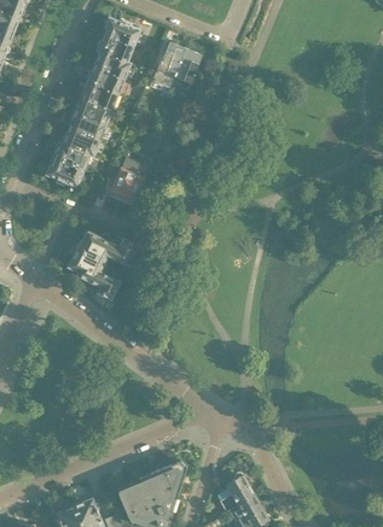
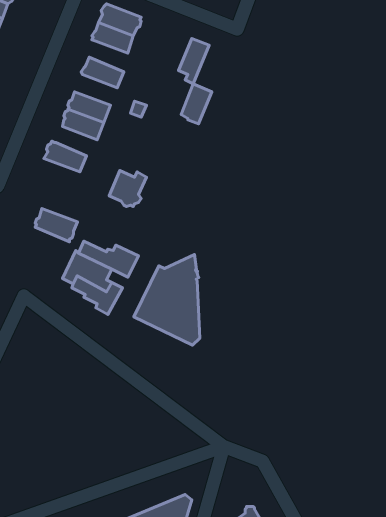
building: [158,43,186,80] -> [181,84,212,124]
building: [93,53,130,81] -> none
building: [80,83,118,111] -> none
building: [63,130,100,158] -> none
building: [46,159,85,189] -> [35,208,78,242]
building: none -> [134,254,200,345]

